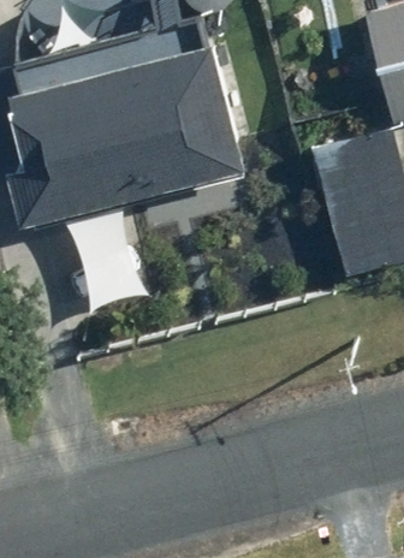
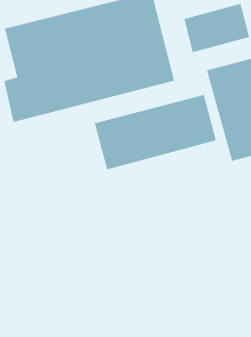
building: none -> [94,94,217,170]

